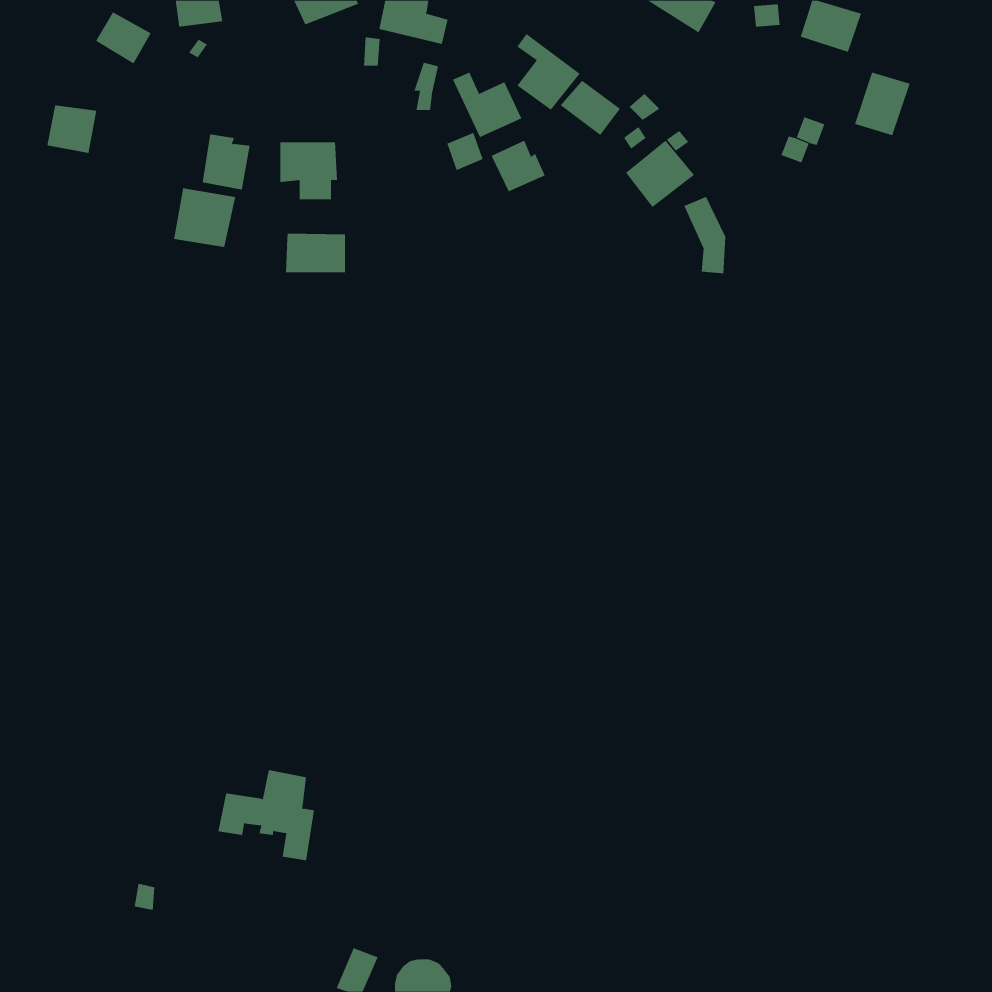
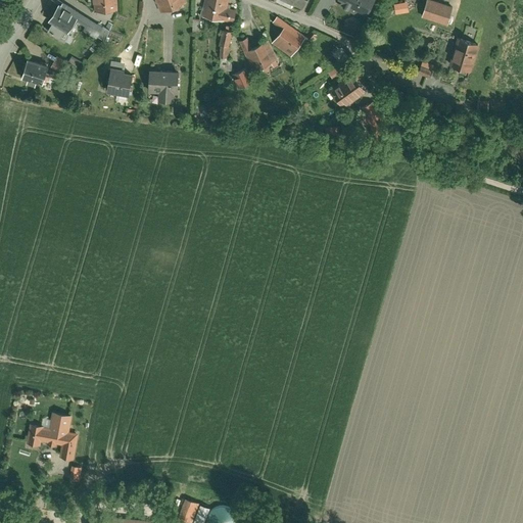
building: [560,80,621,136] -> none
building: [491,140,545,192] -> none
building: [174,187,236,248] -> none
building: [285,233,345,273] -> none
building: [218,769,315,861] -> [27,410,78,458]

